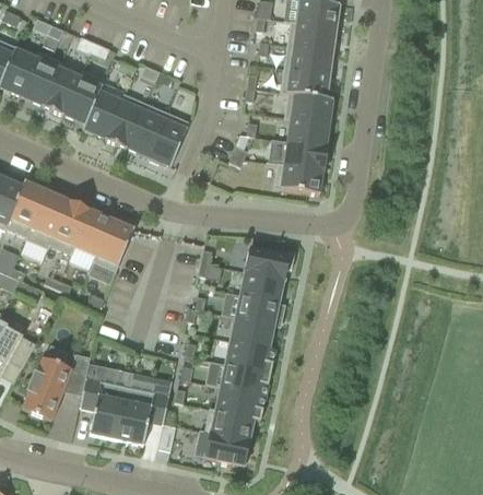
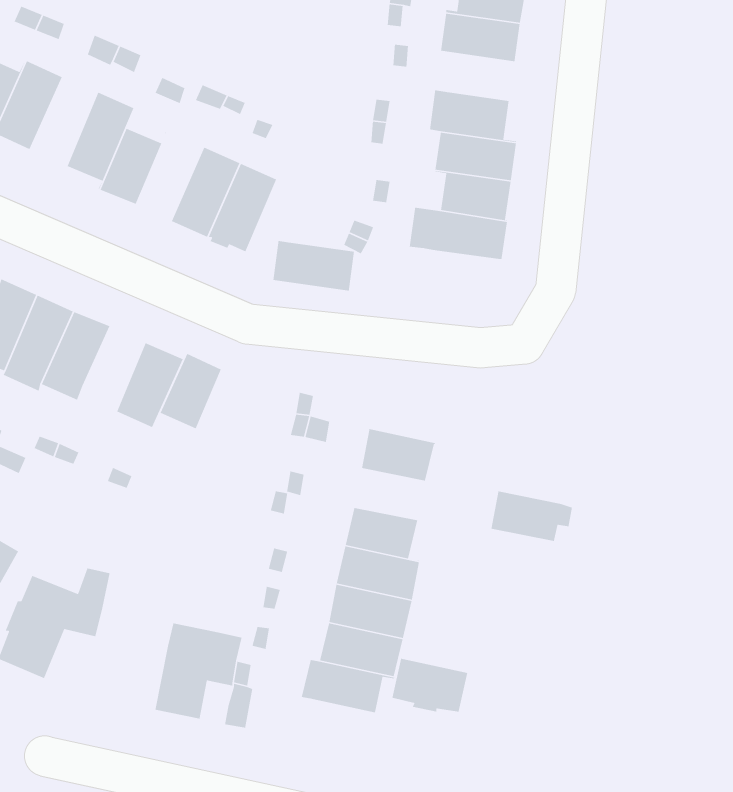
building: [283,45,331,74] -> none
building: [42,60,82,115] -> none
building: [104,93,145,148] -> none
building: [273,163,322,193] -> [272,240,355,291]
building: [73,209,110,255] -> [159,353,222,430]
building: [244,246,294,279] -> none
building: [235,294,284,325] -> [490,491,573,542]
building: [79,377,127,438] -> none
building: [203,432,249,464] -> [391,658,468,713]

